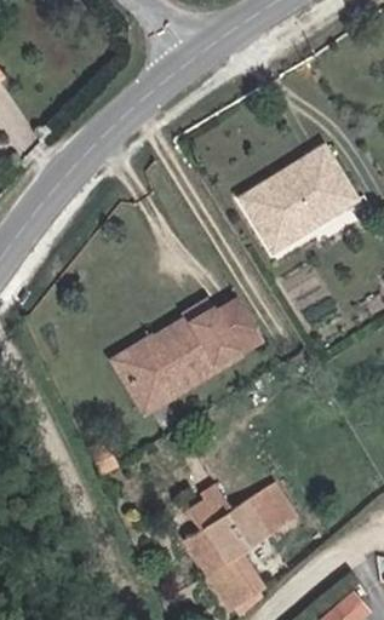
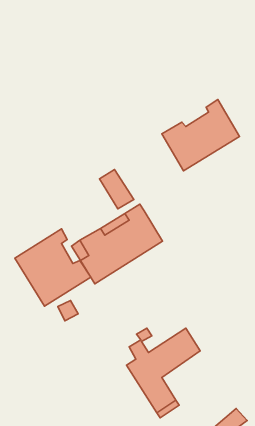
building: [214,294,264,351] -> [100,169,134,209]
building: none -> [15,229,91,306]

